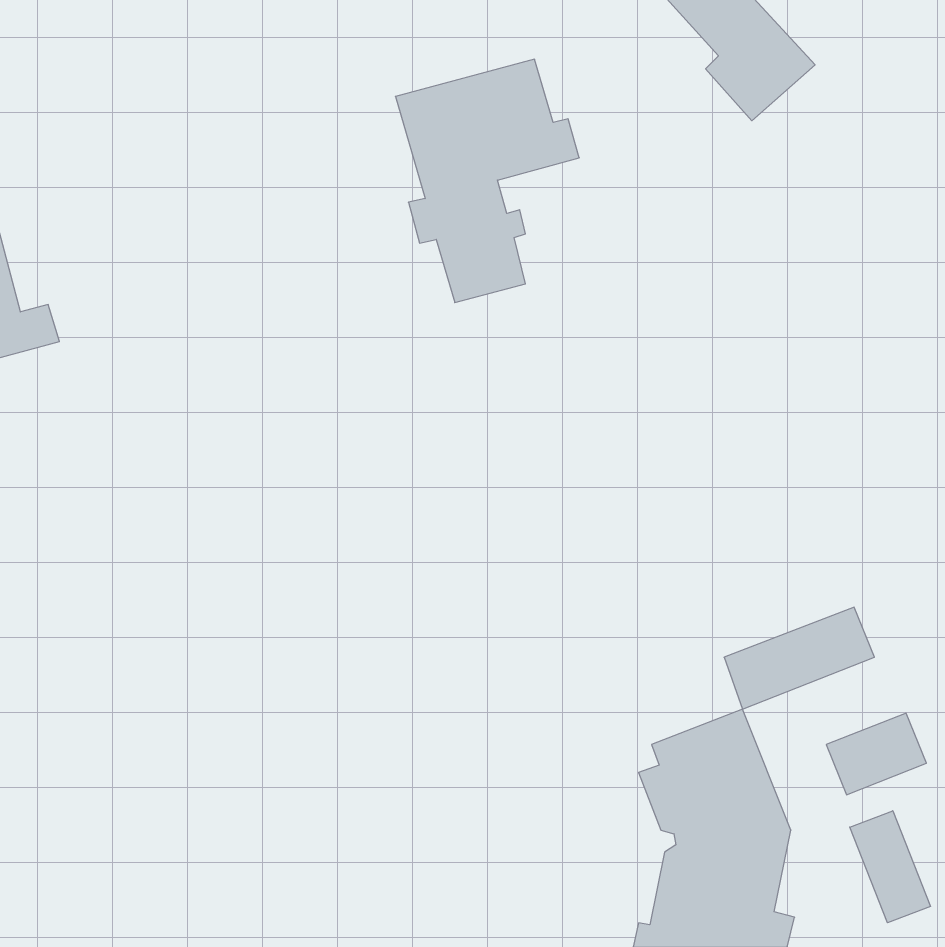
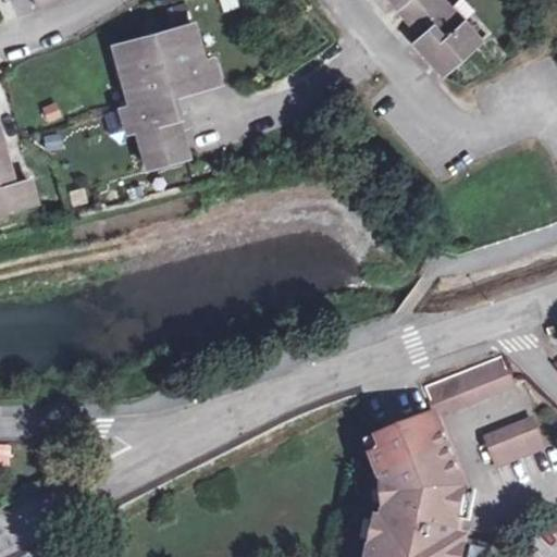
building: [395,59,579,303] -> [109,24,216,166]
building: [850,811,931,923] -> none

